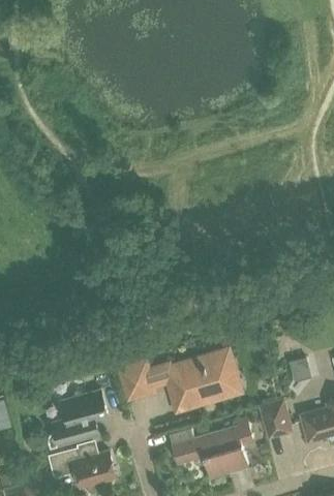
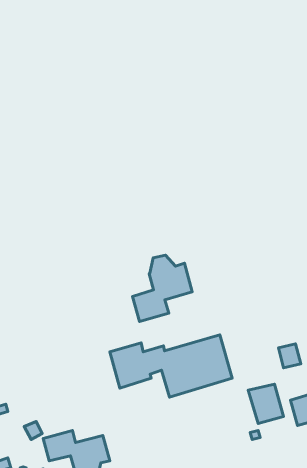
building: none -> [132,255,192,321]
building: [45,389,107,450] -> none
building: [169,416,253,477] -> none

